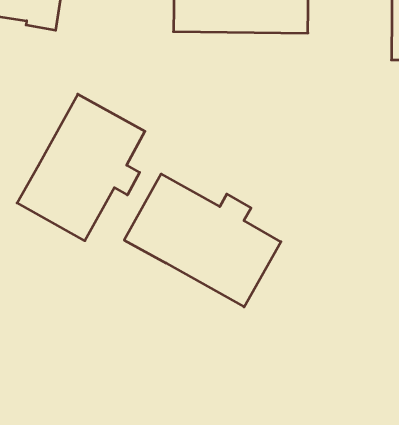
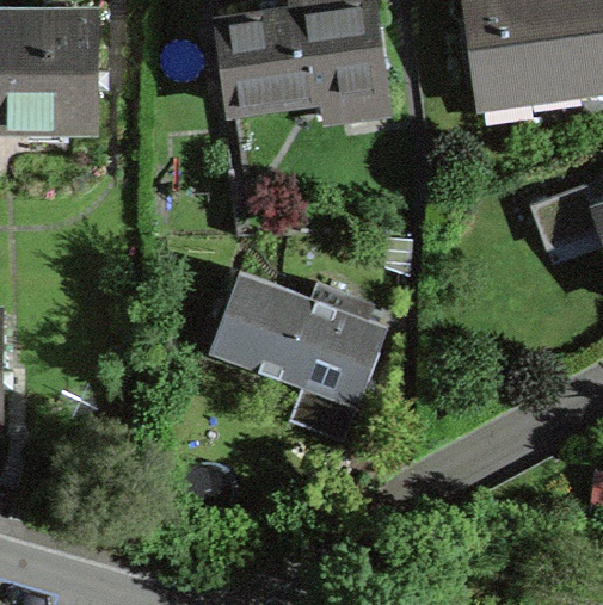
building: [17,94,145,241] -> none

